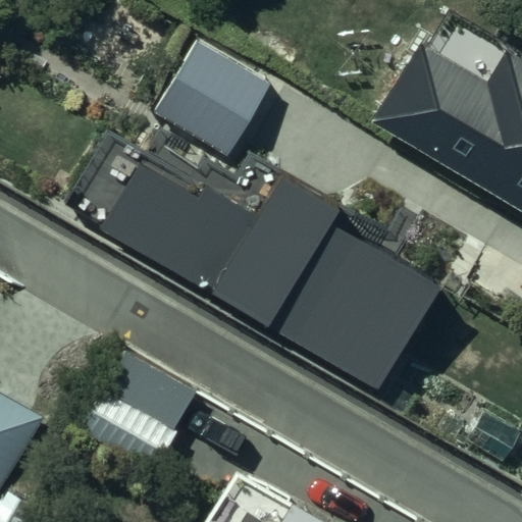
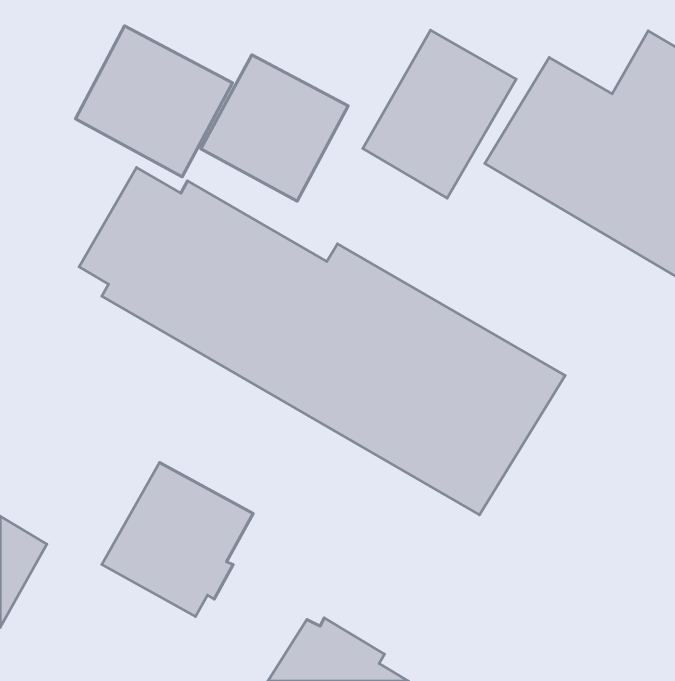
building: none -> [76,26,232,177]
building: none -> [363,30,516,198]

